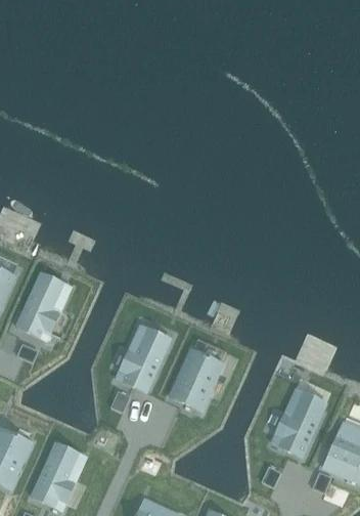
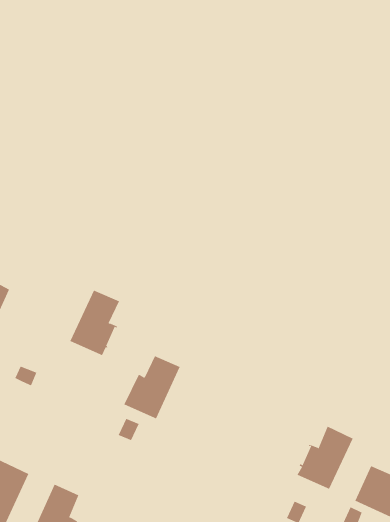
building: [16,278,61,338] -> [70,290,120,356]
building: [170,347,222,408] -> none

